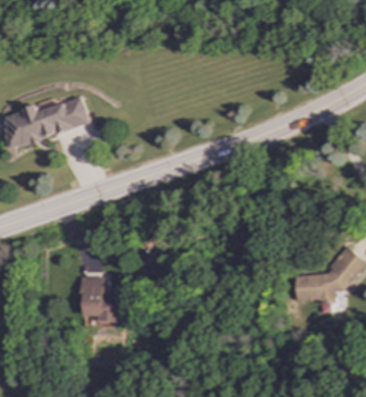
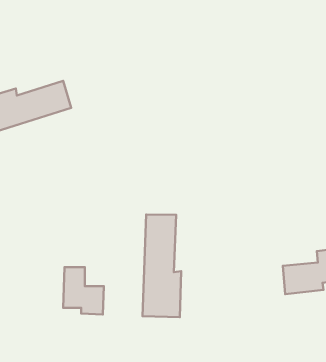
building: none -> [142,214,181,317]

